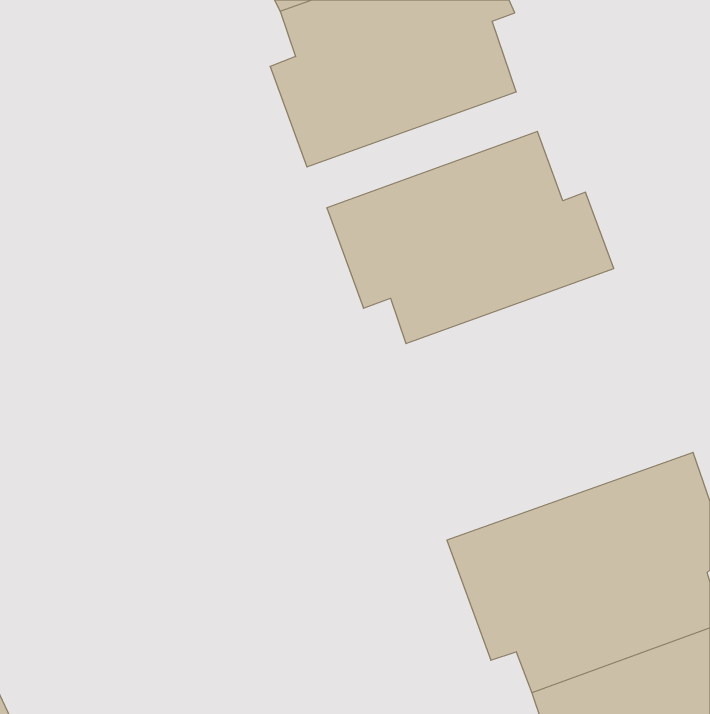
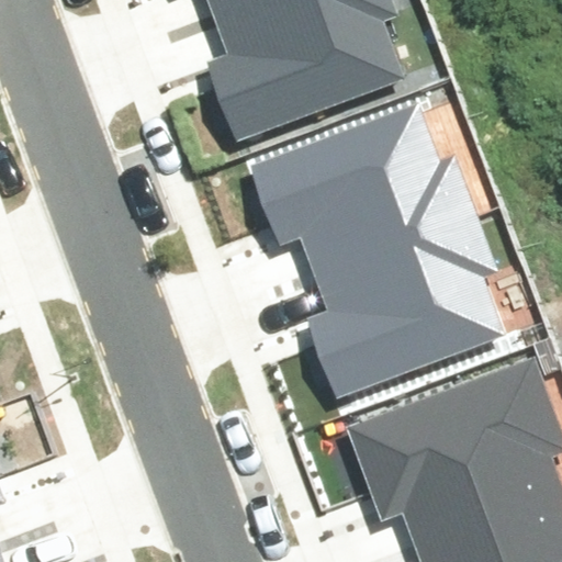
building: none -> [307,215,499,394]

